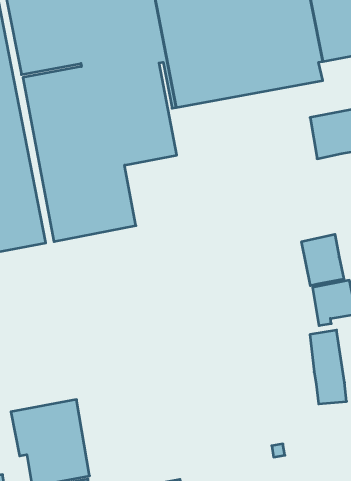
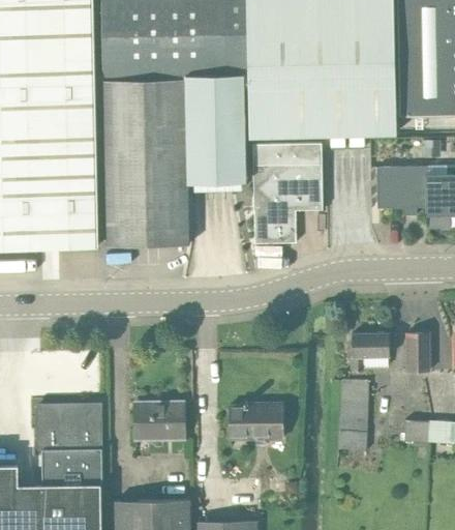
building: none -> [252,143,322,242]
building: [302,234,344,286] -> none
building: none -> [230,404,282,440]
building: none -> [134,401,184,439]

